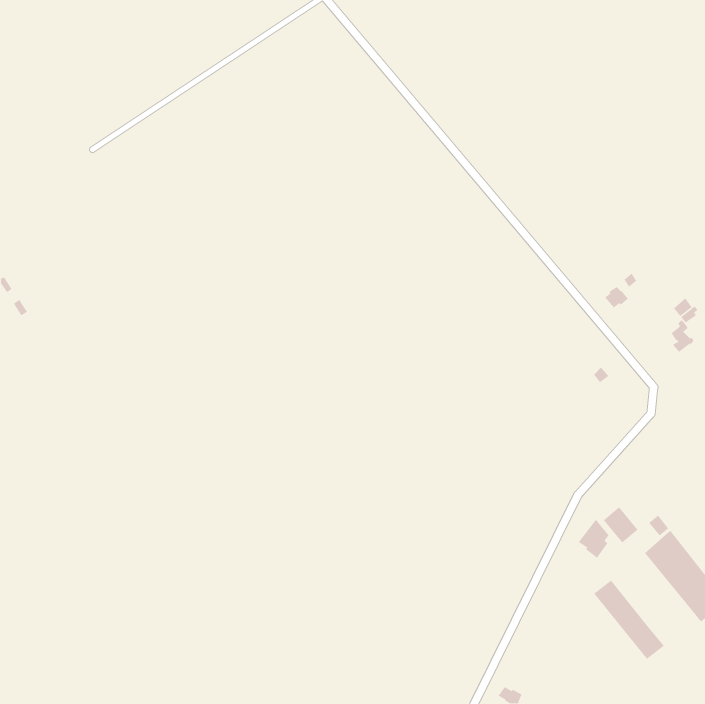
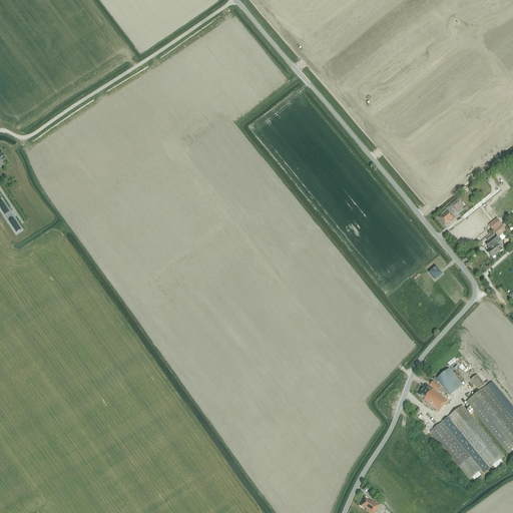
building: none -> [448,404,505,466]

